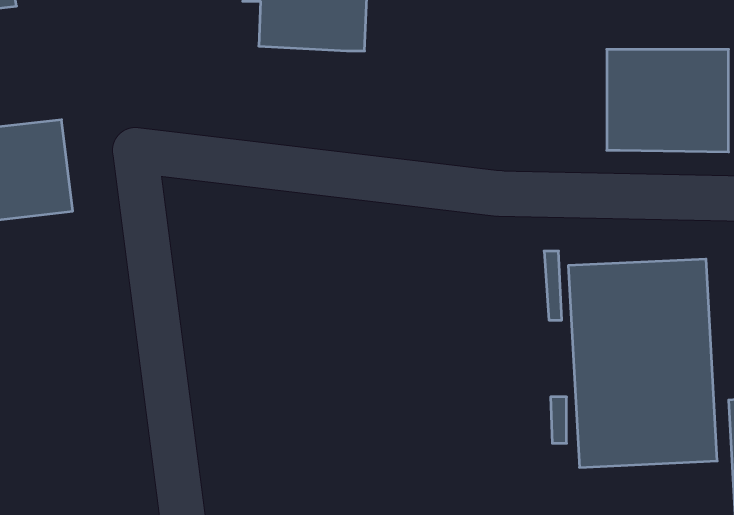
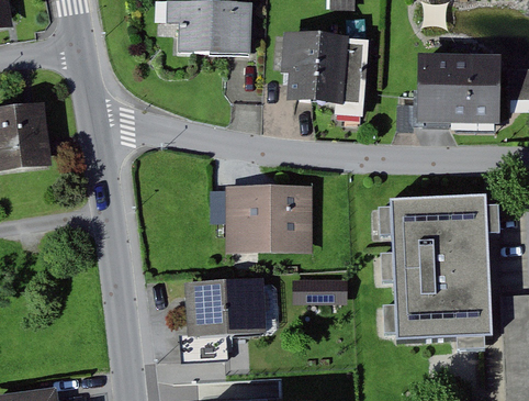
building: none -> [280,33,368,114]
building: none -> [226,185,311,250]
building: none -> [183,278,264,335]

